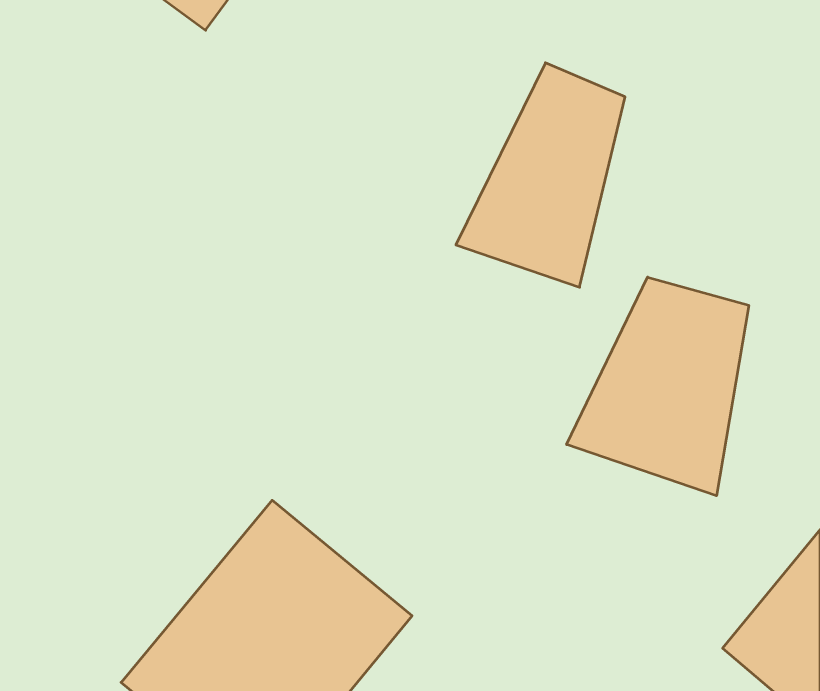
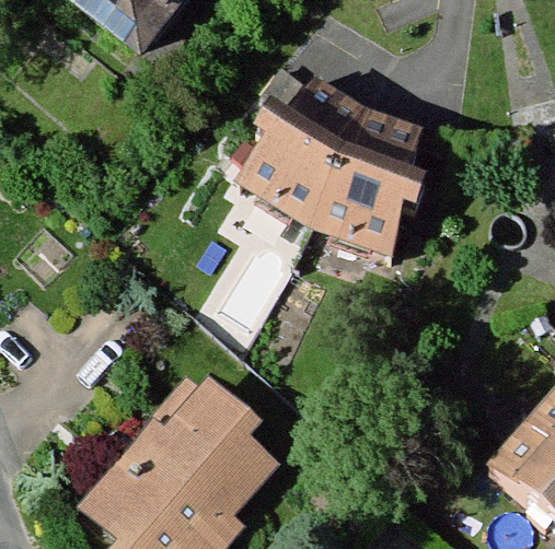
building: none -> [233,65,368,214]
building: [567,277,749,496] -> none

